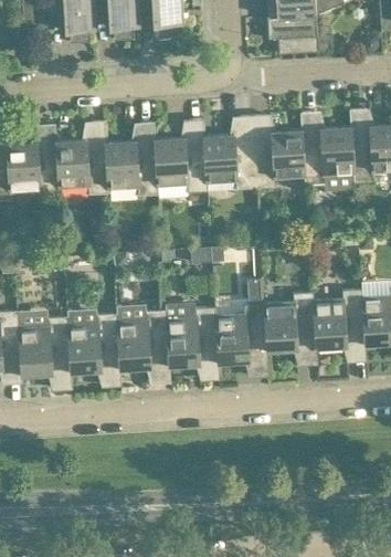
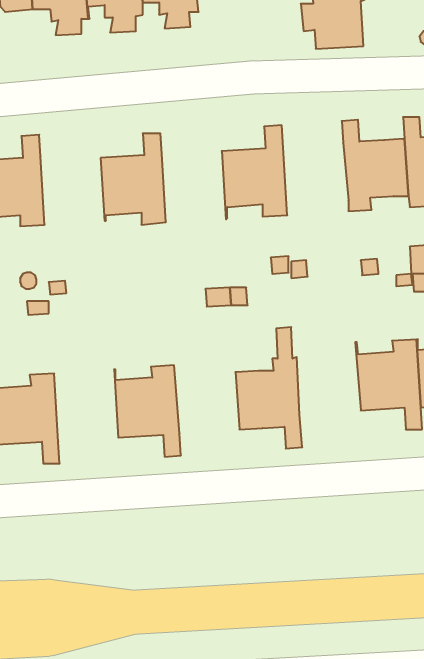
building: [252,113,306,187] -> none
building: [155,117,207,192] -> none
building: [56,118,108,195] -> none
building: [264,290,317,364] -> none
building: [165,305,219,379] -> none
building: [67,312,120,385] -> none

